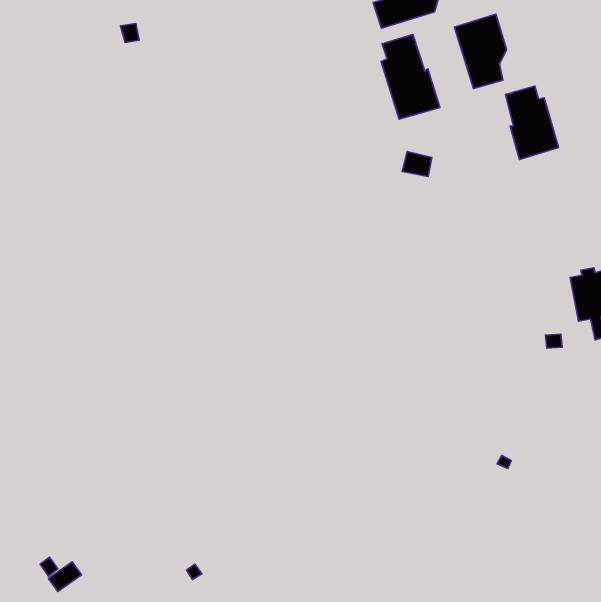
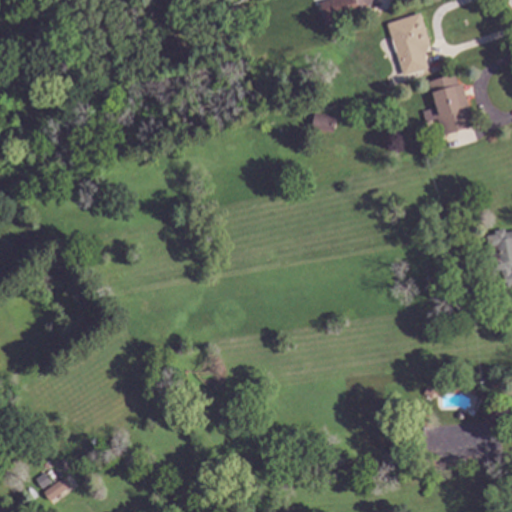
building: [381,34,440,119] -> none
building: [402,152,432,176] -> [311,111,336,132]

